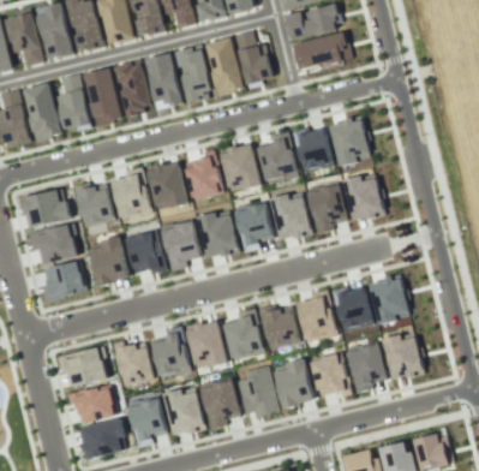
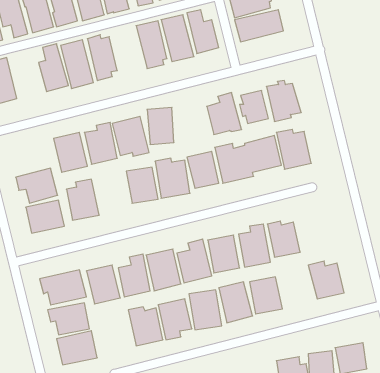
building: [143,52,182,106] -> none
building: [20,83,60,141] -> none
building: [220,142,263,191] -> none
building: [20,187,70,228] -> none
building: [125,231,164,274] -> none
building: [369,275,408,323] -> none
building: [346,344,387,392] -> none
building: [127,399,166,447] -> none

